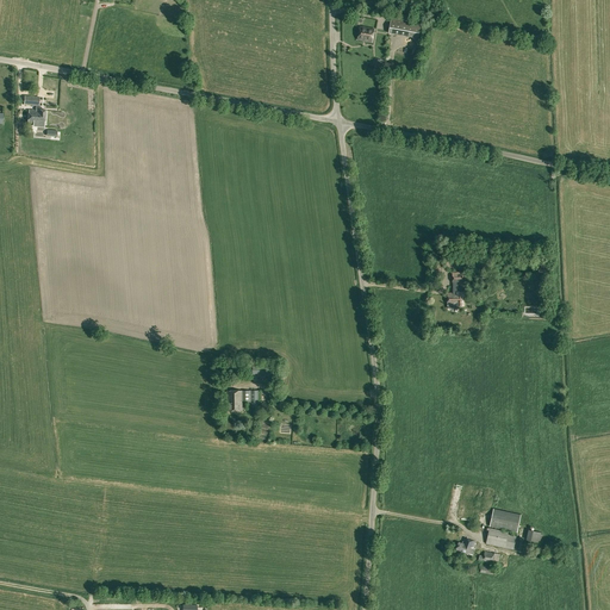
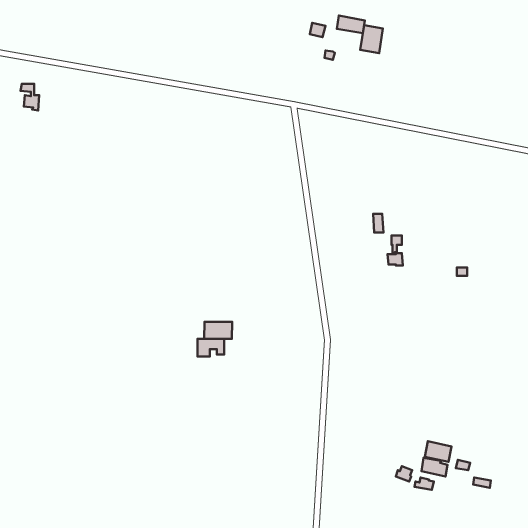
building: none -> [360,25,383,53]
building: none -> [204,322,232,339]

